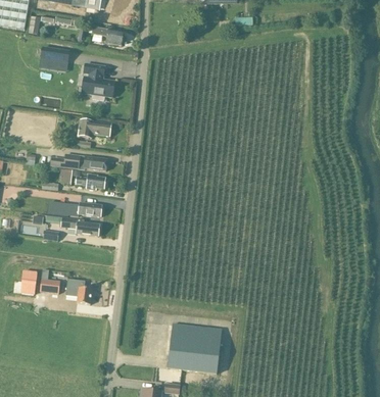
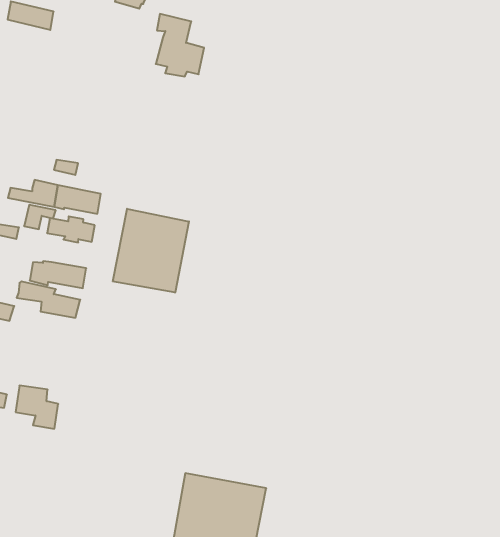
building: [84,62,113,99] -> [156,14,204,76]
building: [78,118,110,137] -> none
building: none -> [113,209,189,293]

